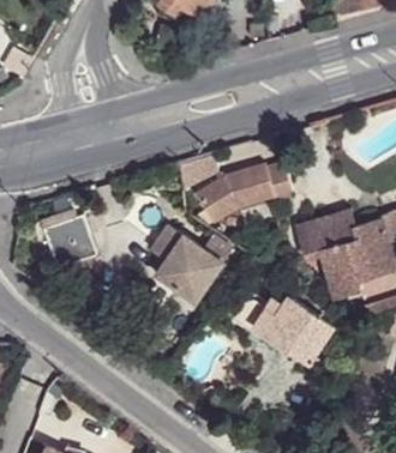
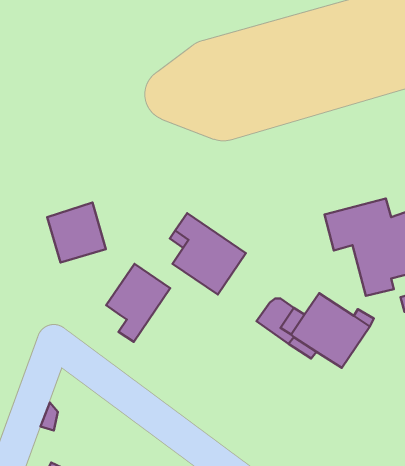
building: [196,163,292,222] -> none
building: none -> [106,264,170,342]

